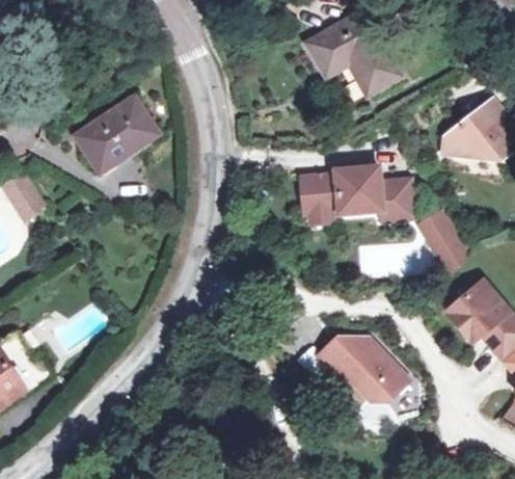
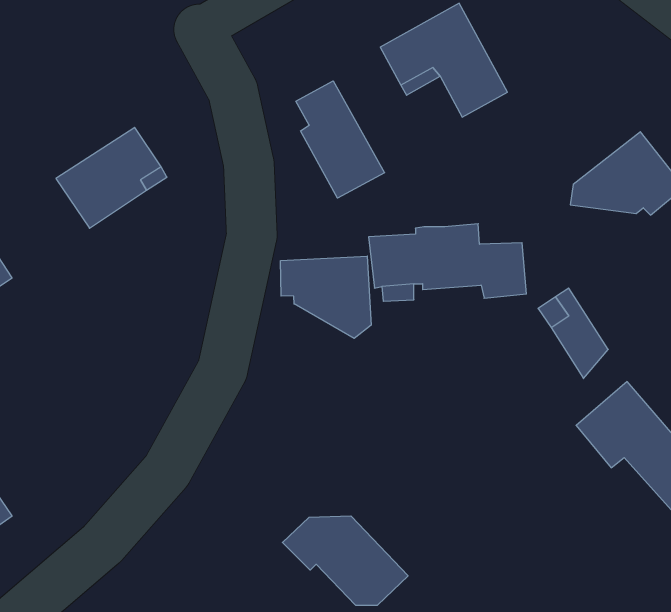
building: none -> [296,81,385,198]
building: none -> [281,256,371,338]
building: [318,336,407,399] -> [282,516,408,605]

